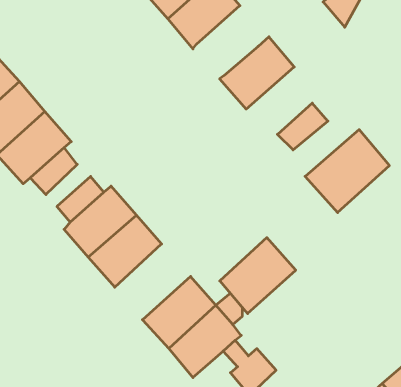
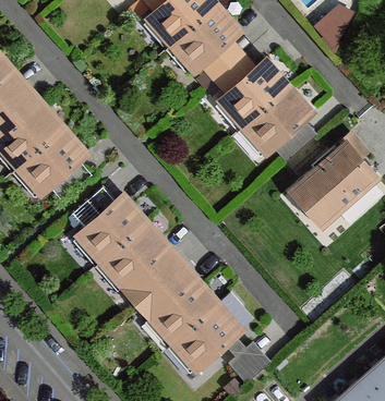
building: none -> [198,40,254,96]
building: none -> [243,88,311,153]
building: [220,238,296,314] -> [124,248,193,317]

